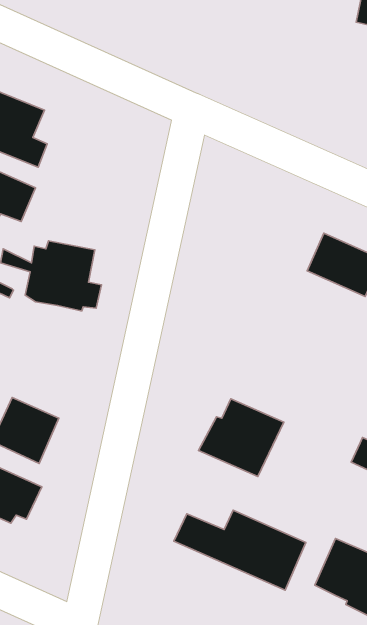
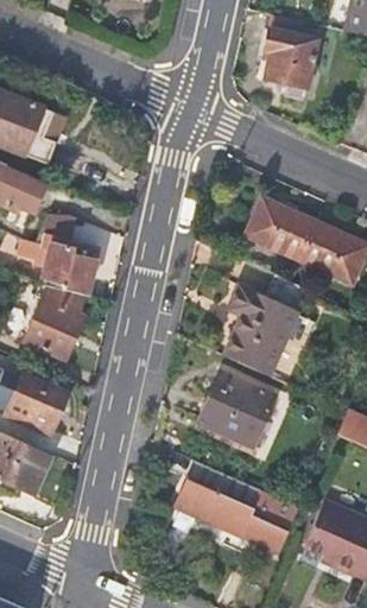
building: none -> [264,30,316,100]
building: none -> [247,201,312,256]
building: none -> [24,285,89,357]
building: none -> [220,287,297,379]

